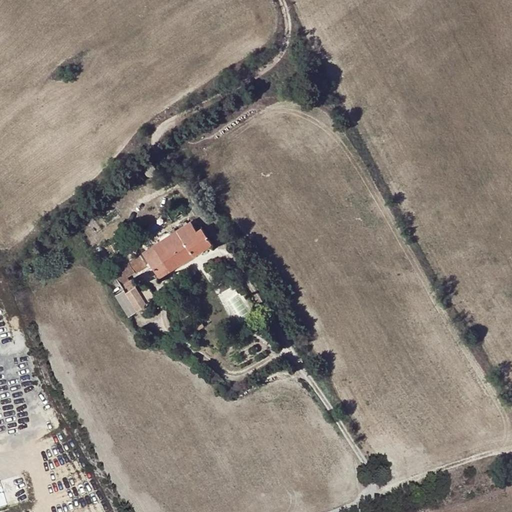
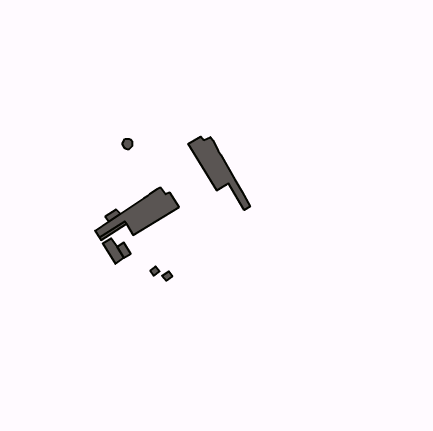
building: none -> [188,137,250,210]

